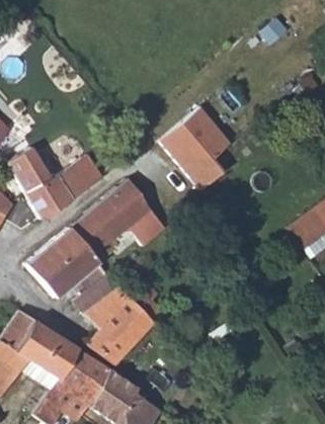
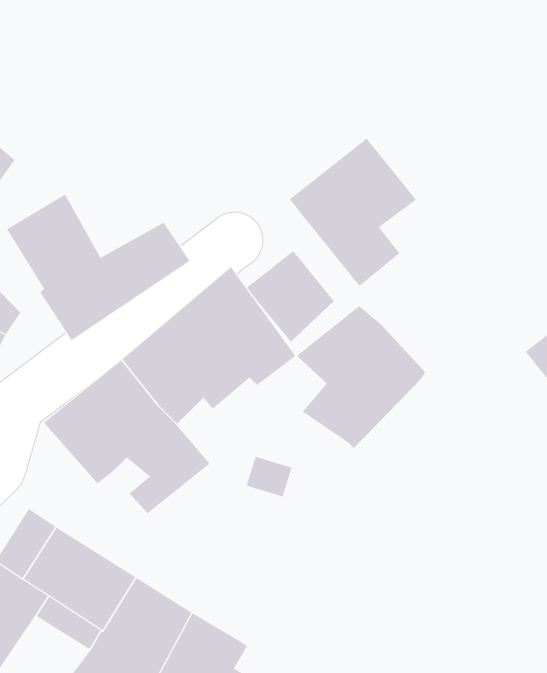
building: none -> [246,250,335,343]
building: [83,287,154,365] -> [296,305,426,449]

